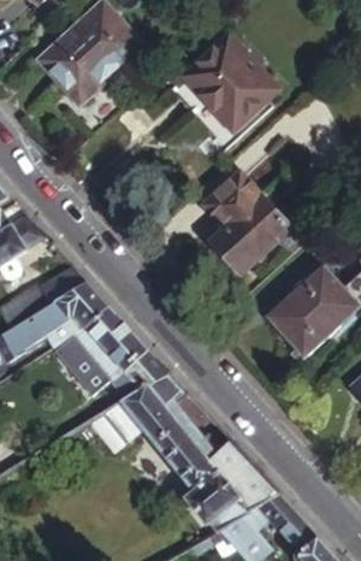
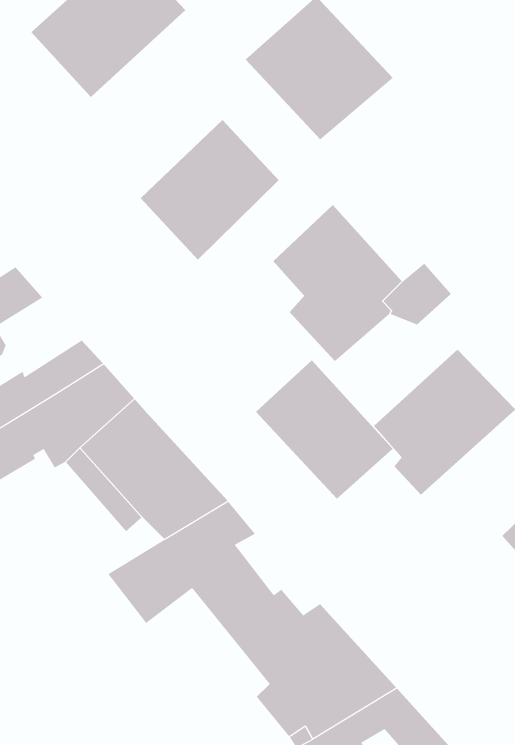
building: none -> [140,119,279,261]
building: none -> [255,360,393,499]

